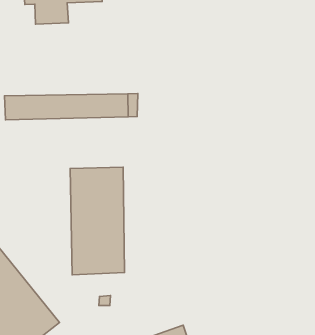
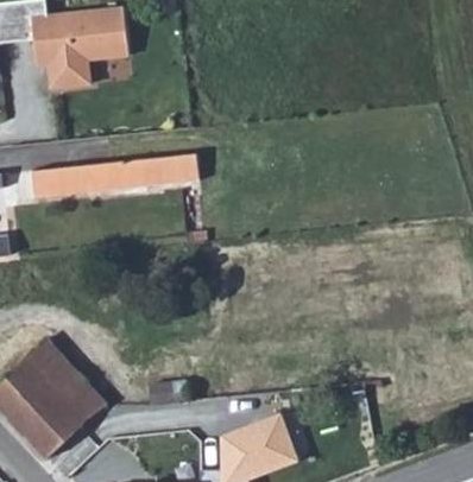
building: [70,167,124,275] -> none

